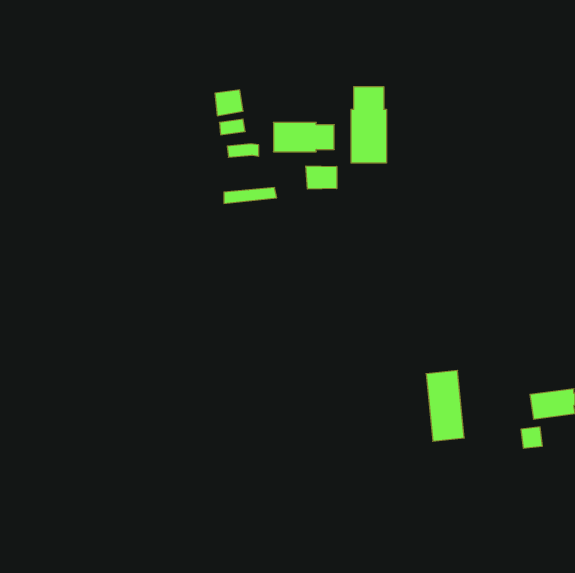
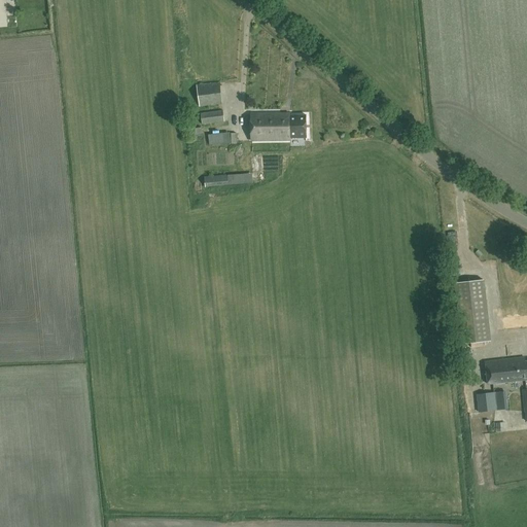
building: [351,87,386,163] -> none
building: [306,166,337,189] -> none
building: [426,370,464,441] -> [455,279,490,344]

